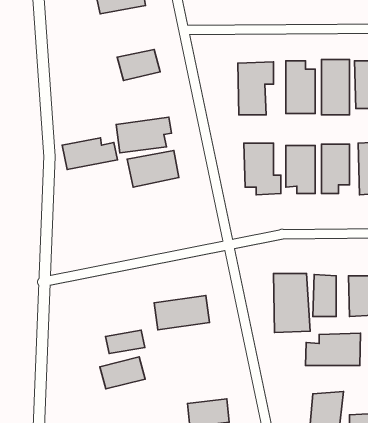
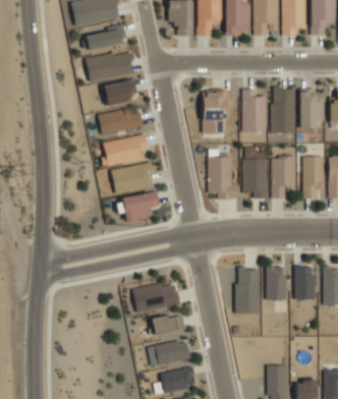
building: none -> [86,52,133,81]
building: [62,138,118,170] -> [98,108,144,134]
building: none -> [122,191,160,222]
building: [105,330,145,354] -> [152,315,184,334]
building: [305,333,361,365] -> none
building: [100,357,145,389] -> [154,339,191,365]

